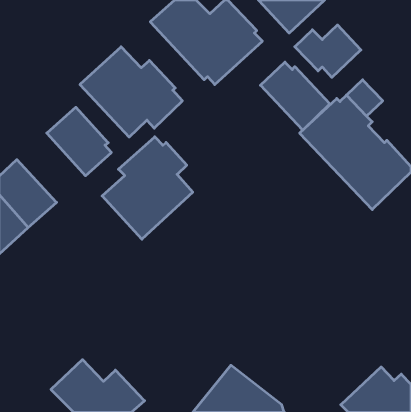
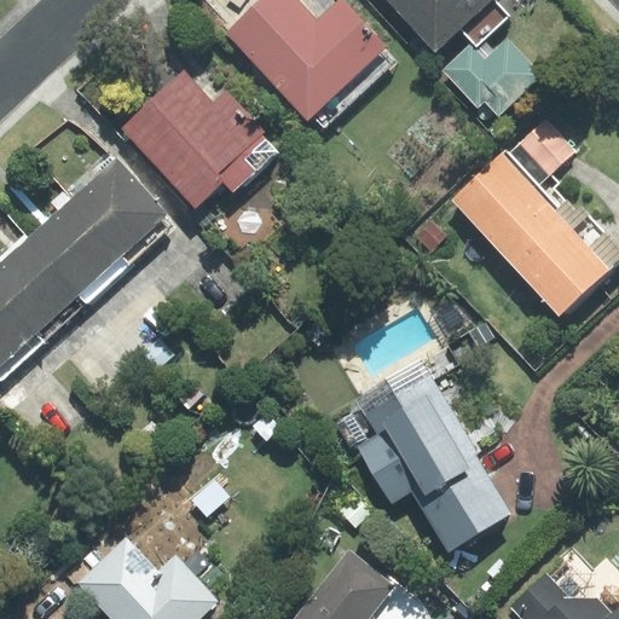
building: [260,62,330,130] -> none
building: none -> [25,199,128,303]
building: [102,137,193,239] -> none
building: none -> [355,348,510,553]

